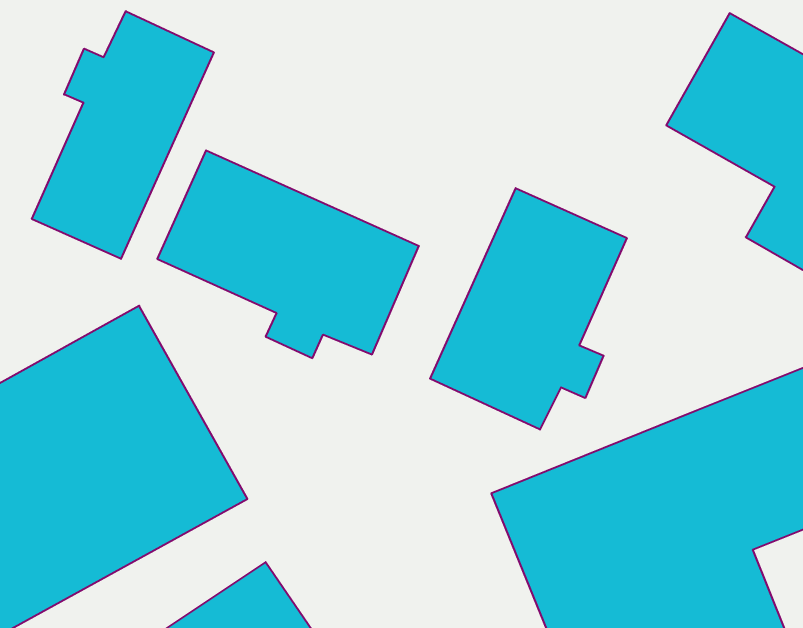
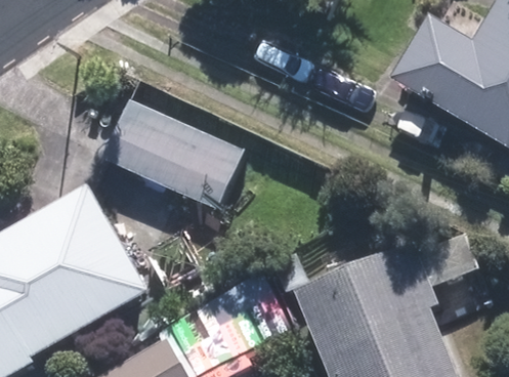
building: [32,11,214,259] -> none
building: [430,188,627,430] -> none

